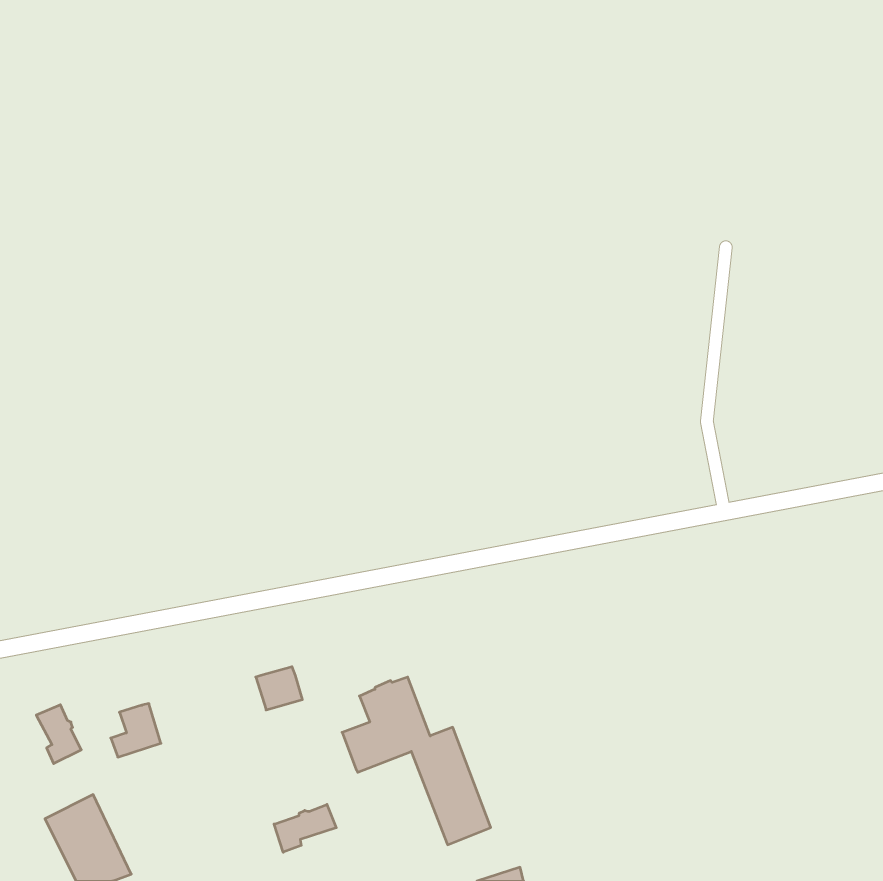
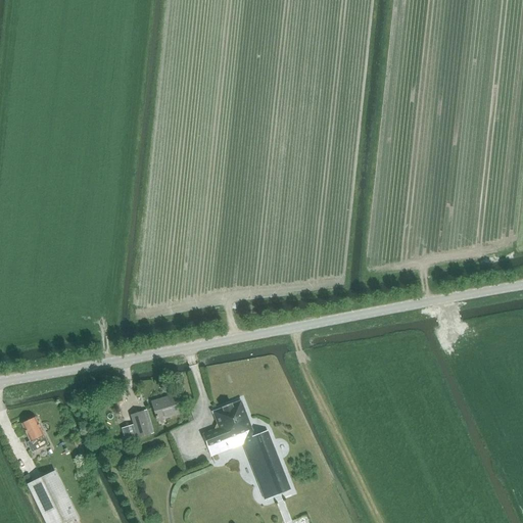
building: [111,704,161,757] -> [125,409,154,440]
building: [274,804,336,852] -> none

